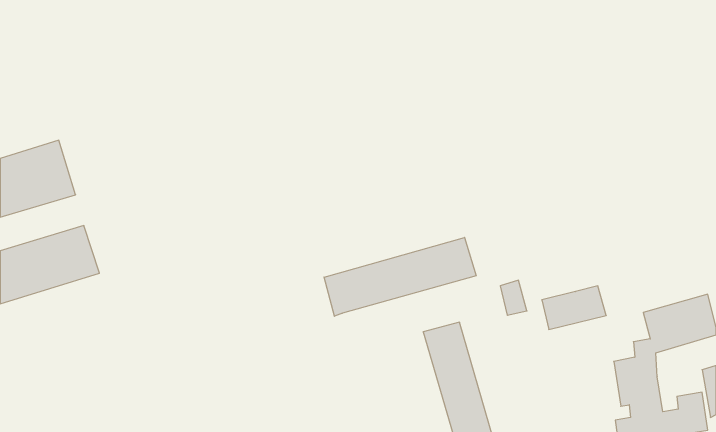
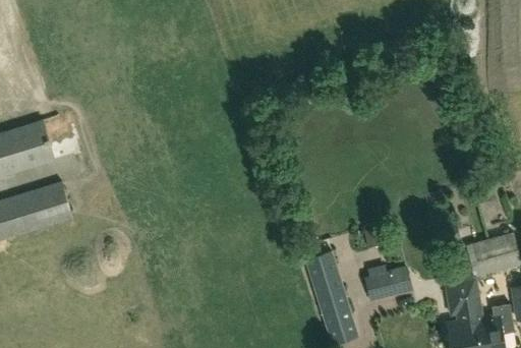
building: [324,237,476,316] -> none
building: [542,286,606,329] -> [366,269,413,300]

